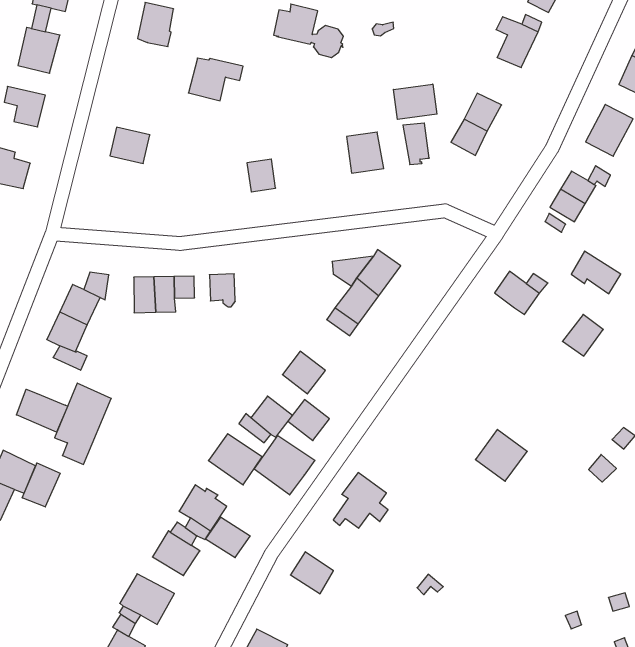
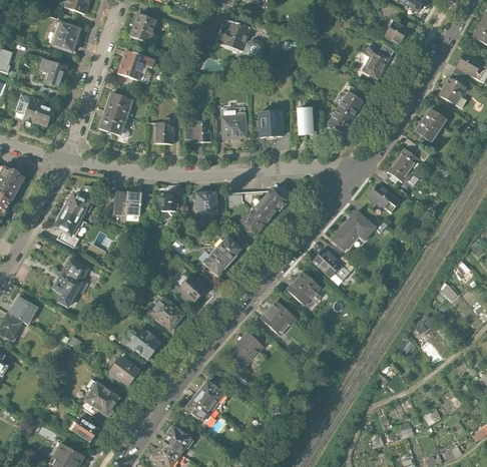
building: [188,58,243,101] -> [117,51,154,80]
building: [393,84,437,119] -> none
building: none -> [221,115,247,138]
building: none -> [99,110,126,135]
building: none -> [154,117,174,144]
building: [571,251,621,294] -> [367,183,399,212]
building: none -> [193,189,219,218]
building: [562,314,603,356] -> [331,222,358,250]
building: none -> [313,247,342,277]
building: [16,389,68,432] -> none
building: [288,400,329,441] -> [216,236,243,263]
building: none -> [262,300,297,333]
building: [475,429,527,481] -> [287,271,321,305]
building: [254,435,315,495] -> none
building: [22,463,60,507] -> none
building: [206,517,250,558] -> [185,393,214,420]

